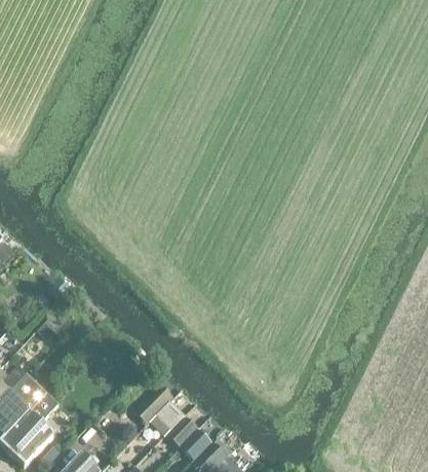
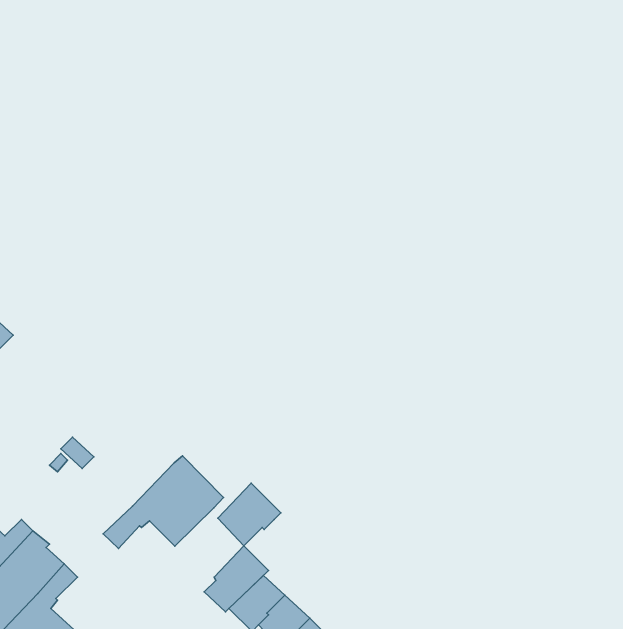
building: none -> [103,456,224,548]
building: none -> [218,483,281,546]

